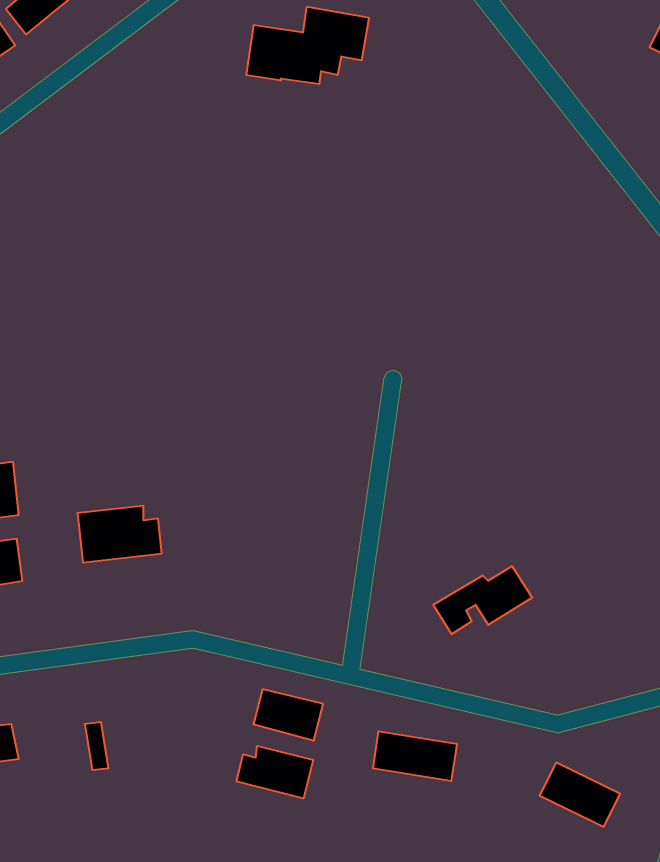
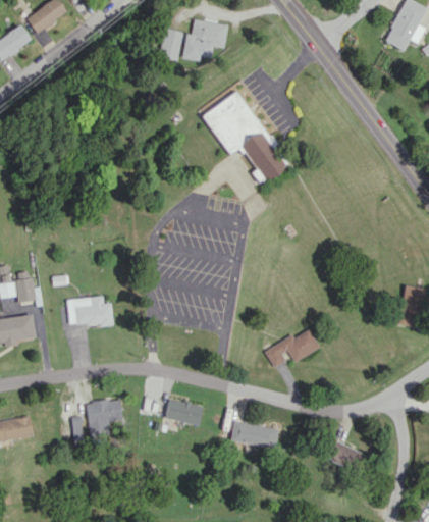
building: none -> [202,91,285,181]
building: none -> [87,400,121,437]
building: [237,746,313,798] -> none

